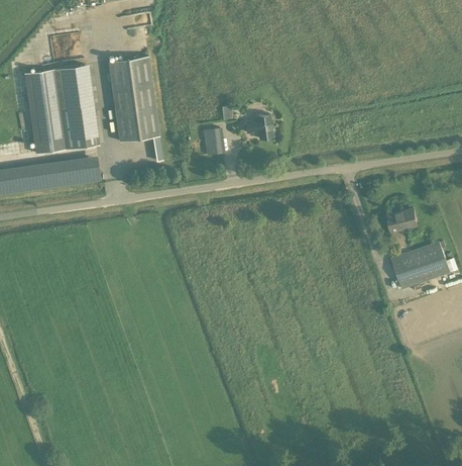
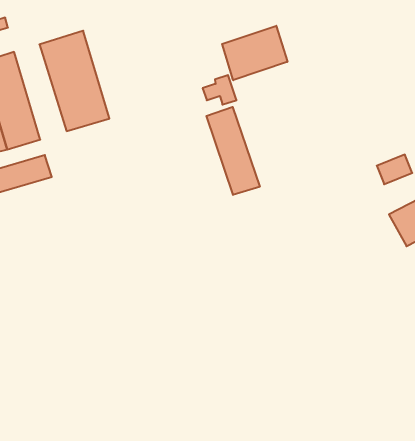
building: none -> [222,26,287,80]
building: [204,128,223,155] -> none
building: none -> [206,107,260,195]

